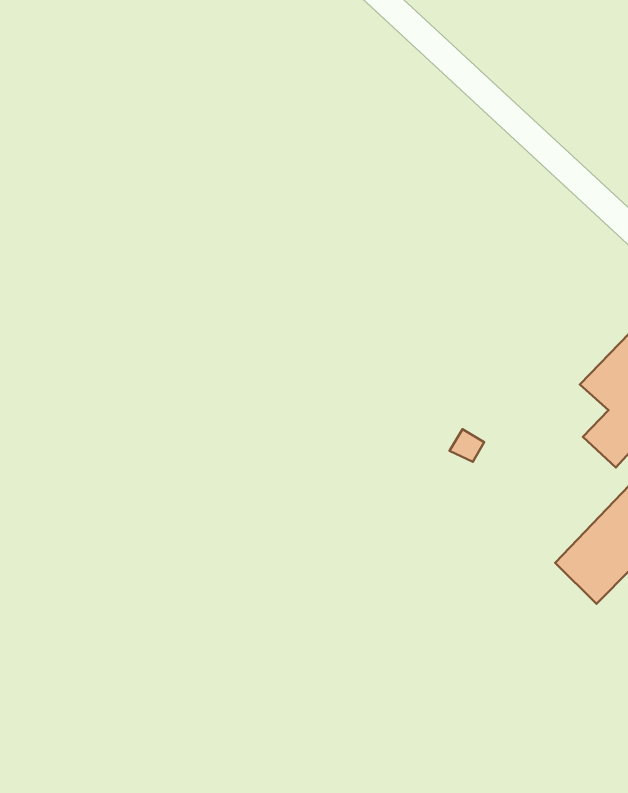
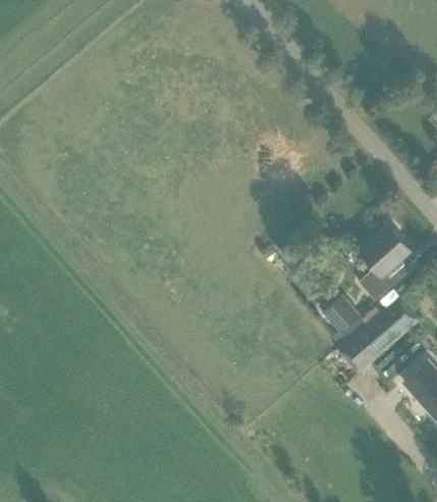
building: none -> [326,299,360,333]

